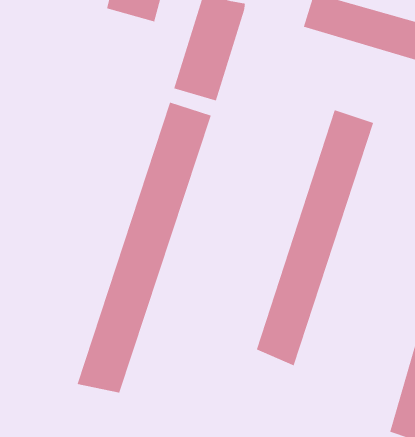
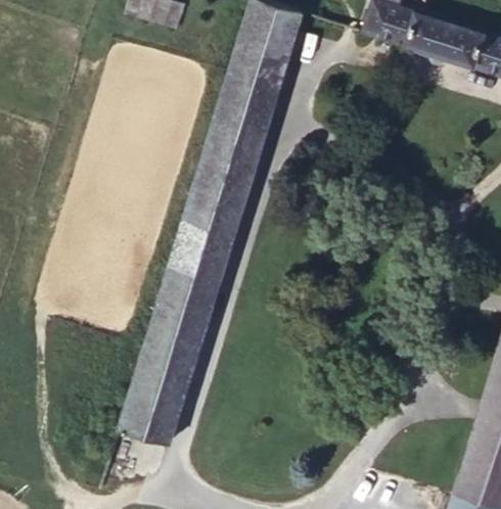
building: [256,109,374,367] -> none

